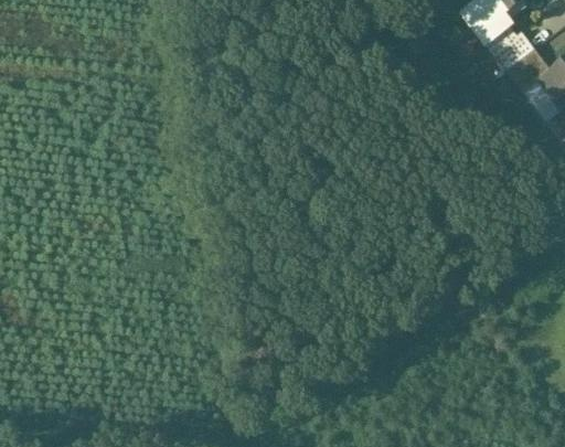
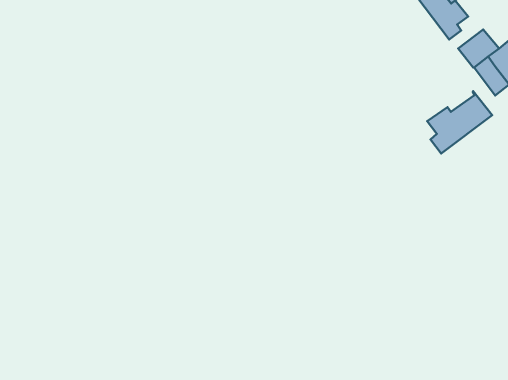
building: [495,31,533,71] -> none
building: none -> [427,91,492,154]

